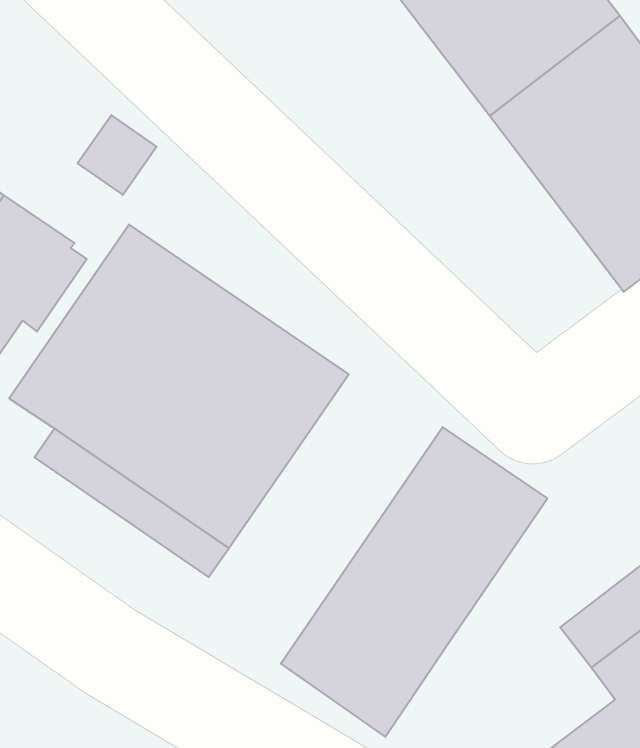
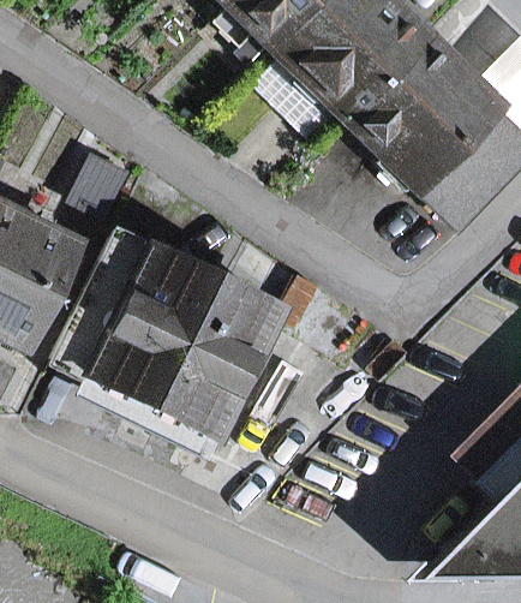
building: [281,427,547,737] -> none

